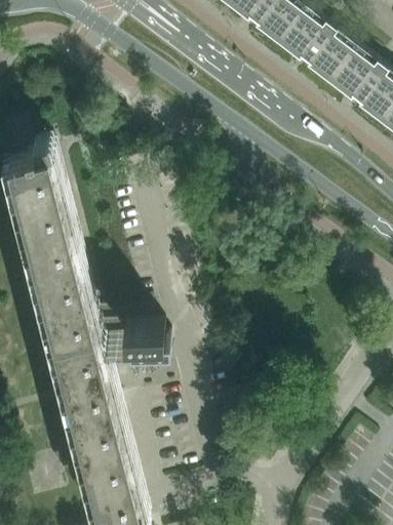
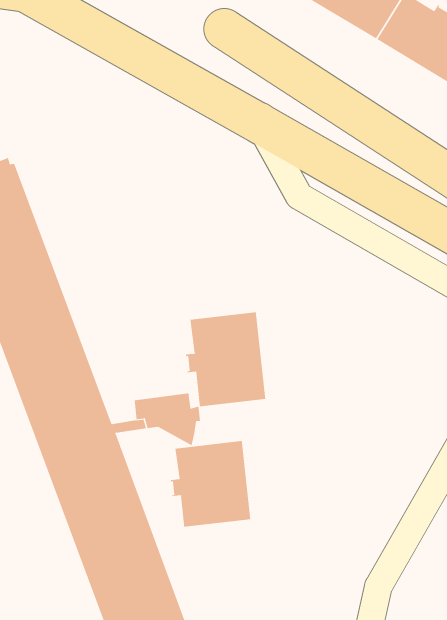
building: none -> [185,311,266,407]
building: none -> [170,440,251,528]

